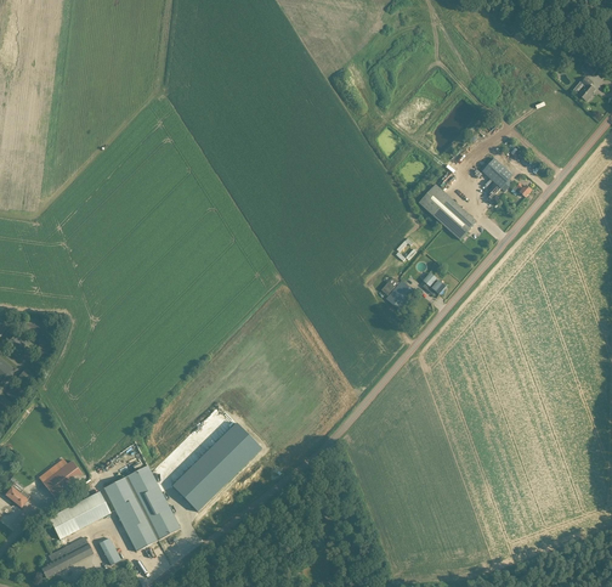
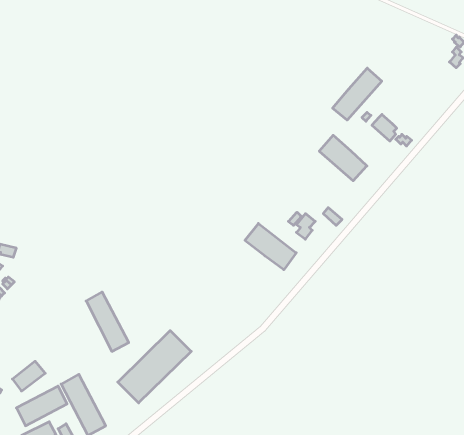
building: none -> [333,68,382,120]
building: none -> [245,223,296,270]
building: [126,464,178,537] -> [86,292,129,351]

